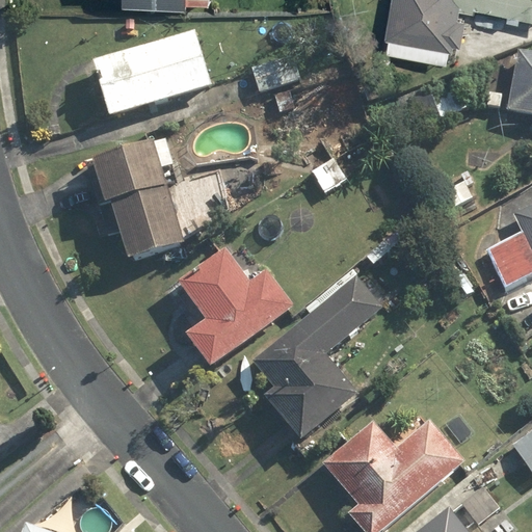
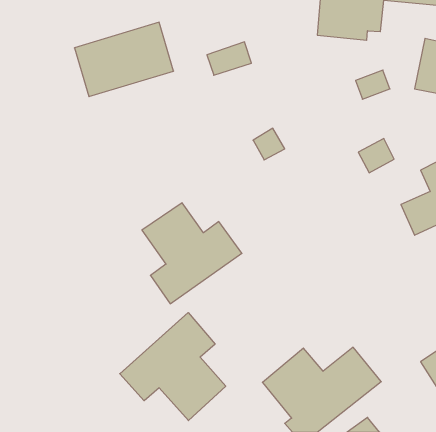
building: [89,137,183,262] -> none
building: [240,262,403,443] -> none
building: none -> [120,313,226,421]

